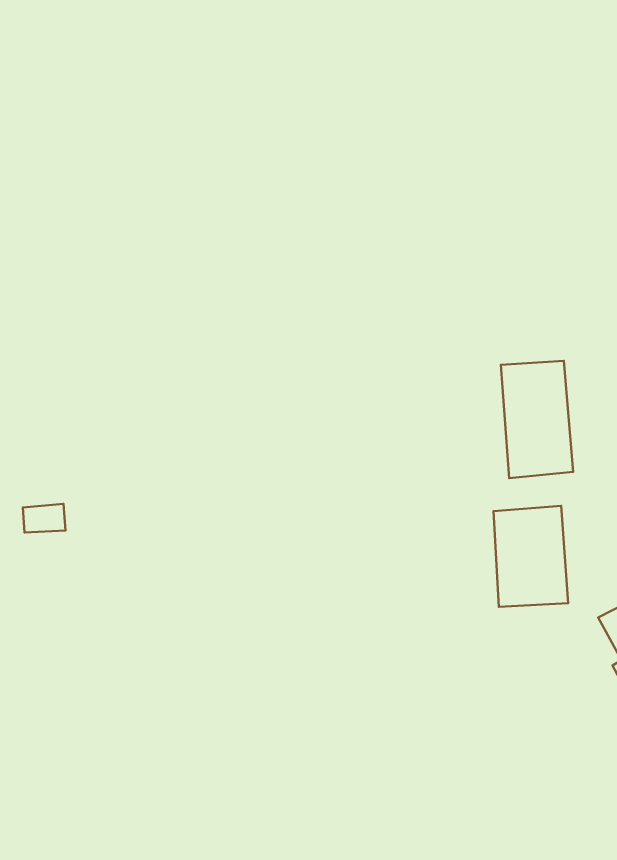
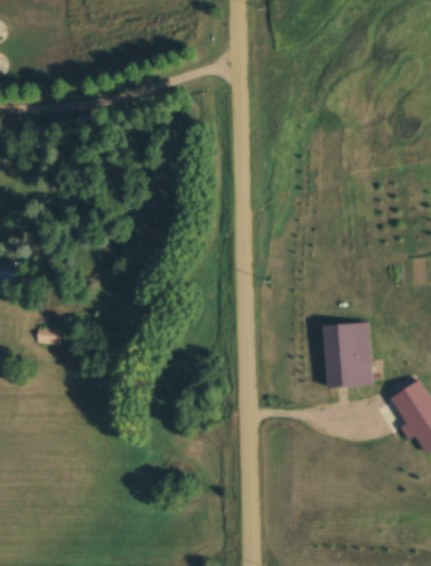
building: [501,361,573,478] -> none

